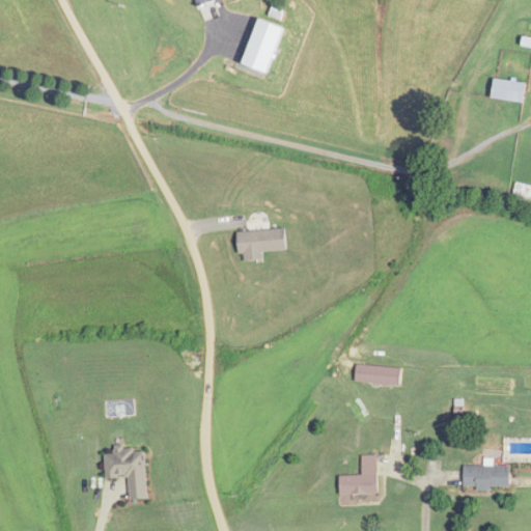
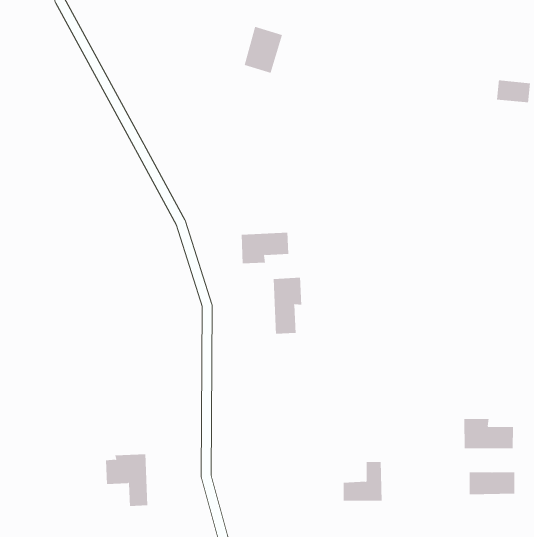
building: none -> [273,277,302,334]
building: [354,364,400,384] -> none
building: none -> [464,418,513,449]

